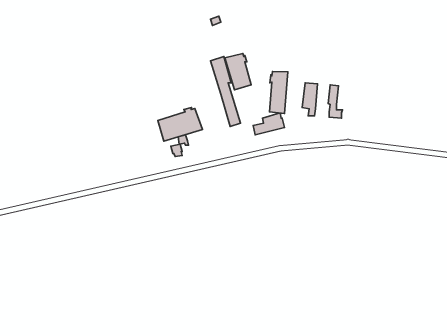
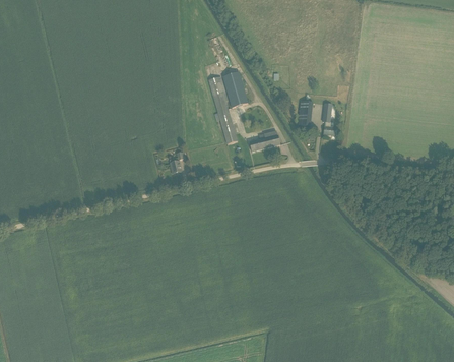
building: [270,72,288,113] -> none
building: [158,108,203,141] -> none

